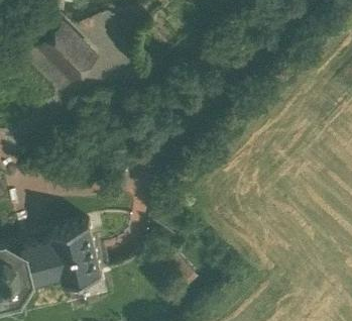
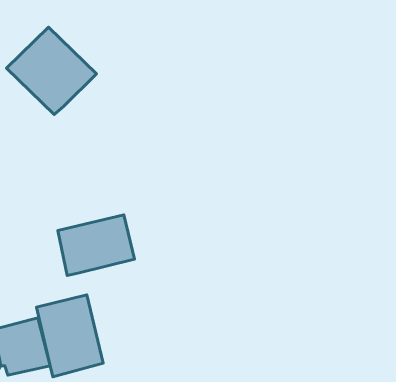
building: none -> [58,215,134,276]

